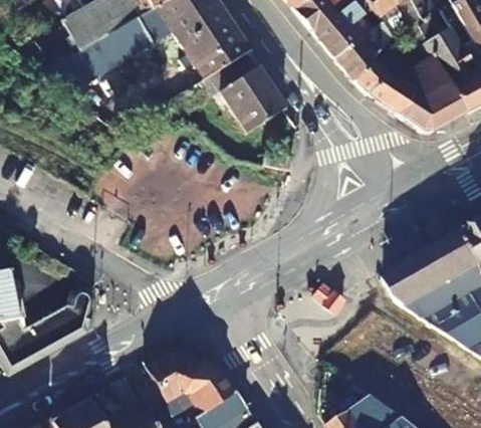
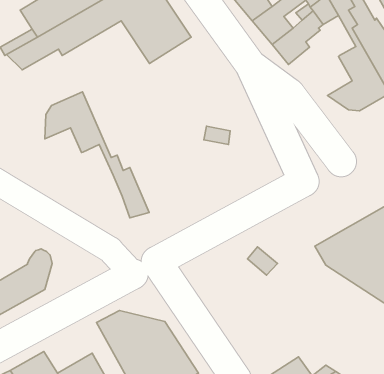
building: [356,47,427,115] -> none
building: [167,50,286,133] -> none
building: none -> [45,92,149,218]

